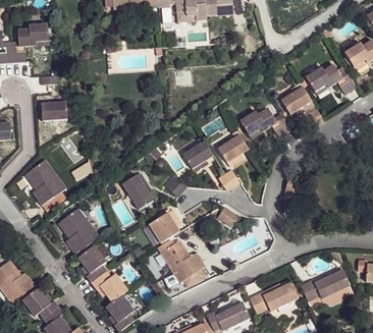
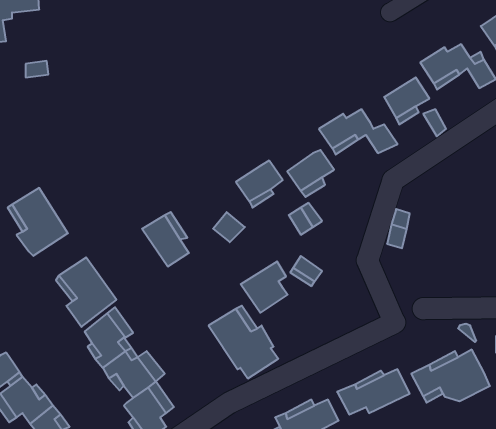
building: [44,102,70,120] -> none
building: [150,210,181,244] -> [241,261,288,313]

